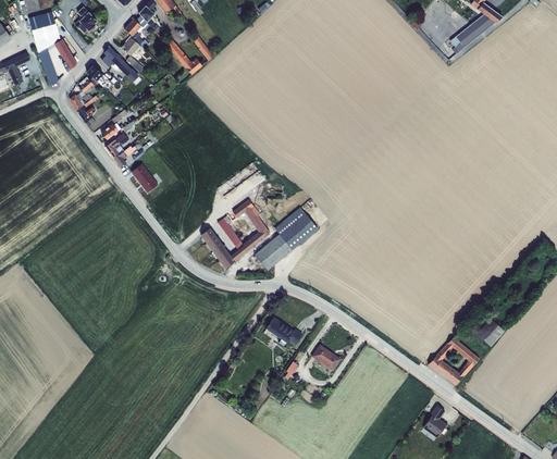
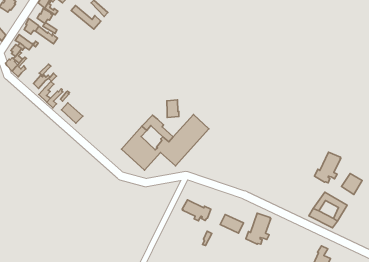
building: none -> [314,152,341,183]
building: none -> [246,213,271,244]

